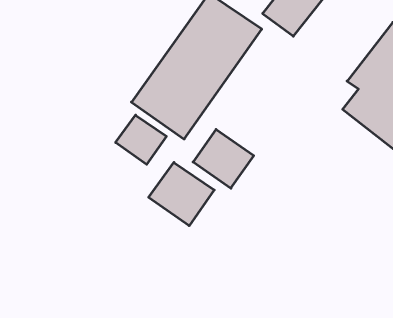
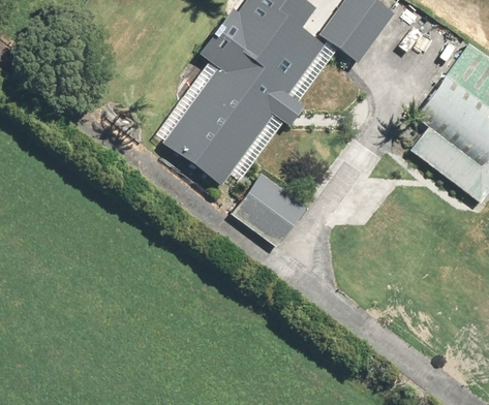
building: [116,115,166,164] -> none
building: [149,162,214,226] -> none

